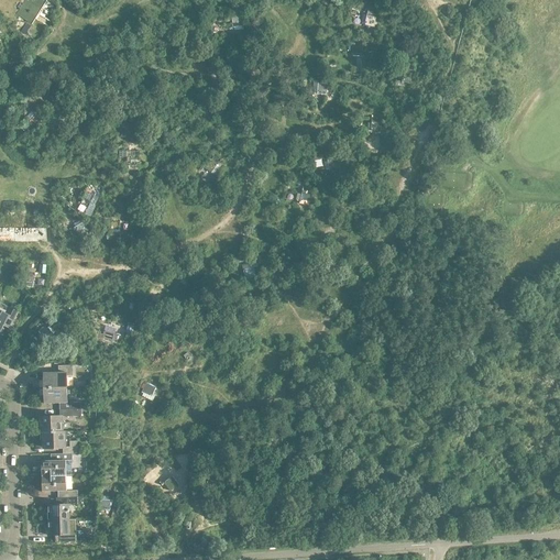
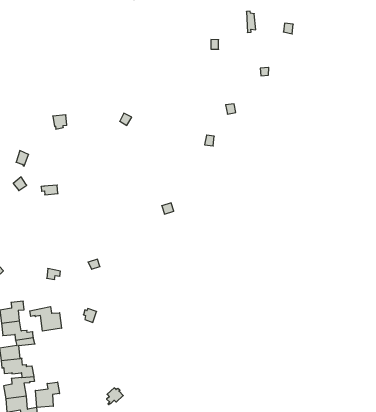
building: none -> [30,307,62,331]
building: none -> [35,382,59,407]

